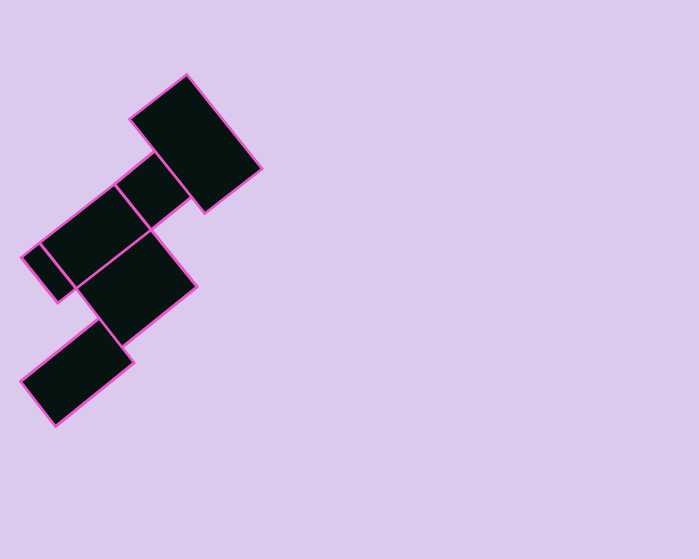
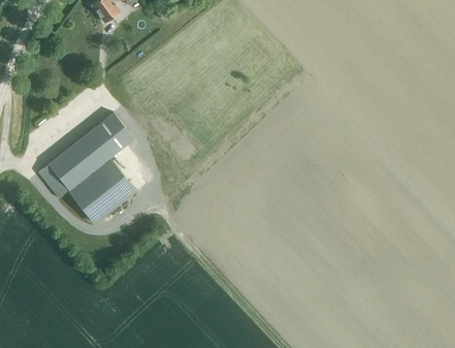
building: [130,75,262,213] -> none
building: [20,318,134,426] -> none

